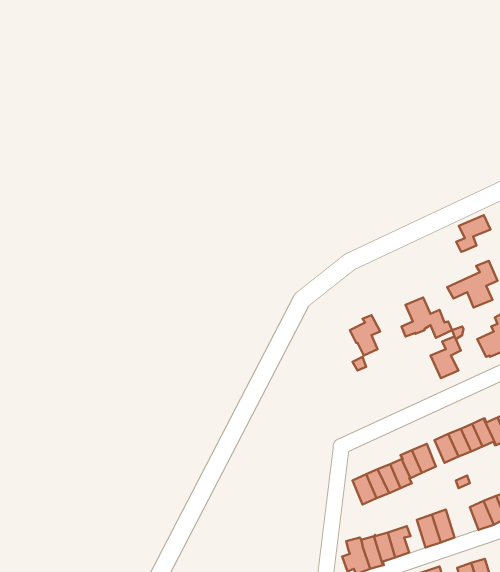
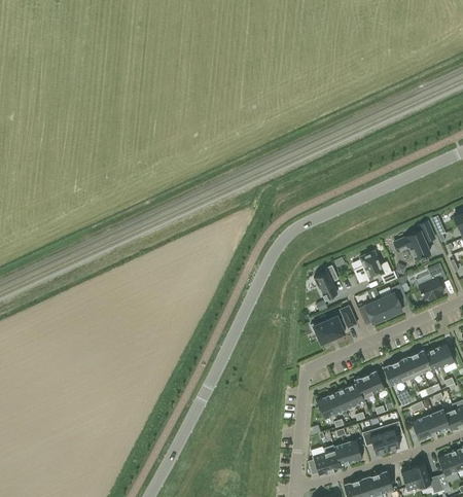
building: [456,215,490,252] -> none
building: none -> [358,298,389,324]
building: none -> [311,307,357,344]

